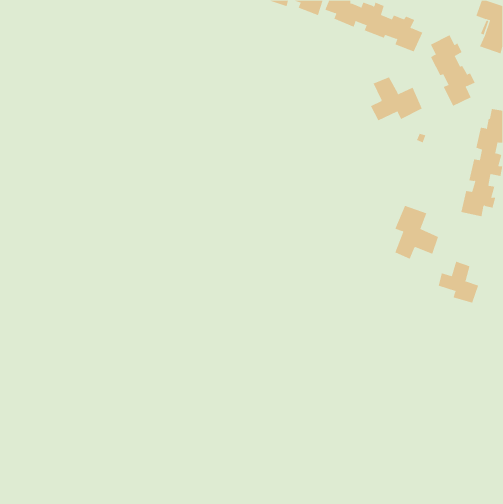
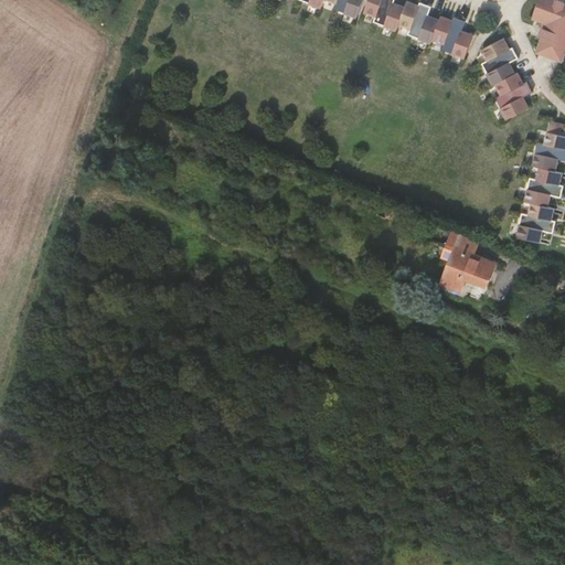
building: [370,76,423,121] -> none
building: [438,261,479,303] -> none

